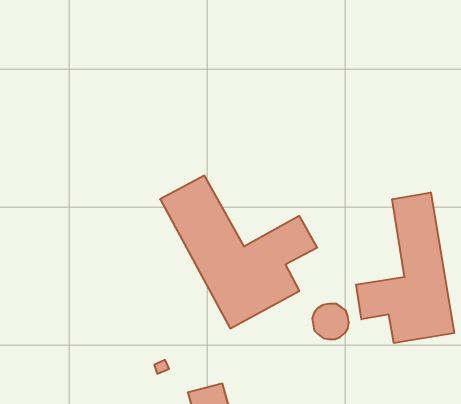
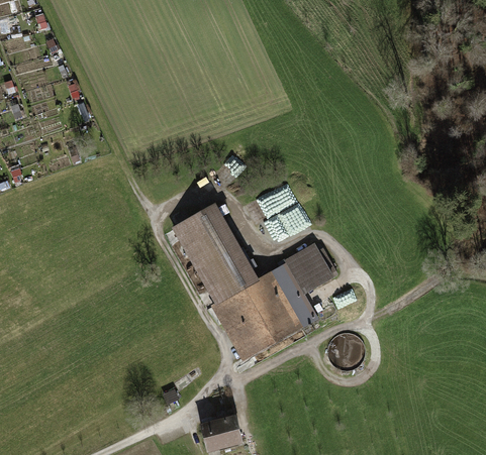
building: [356,192,454,343] -> none

